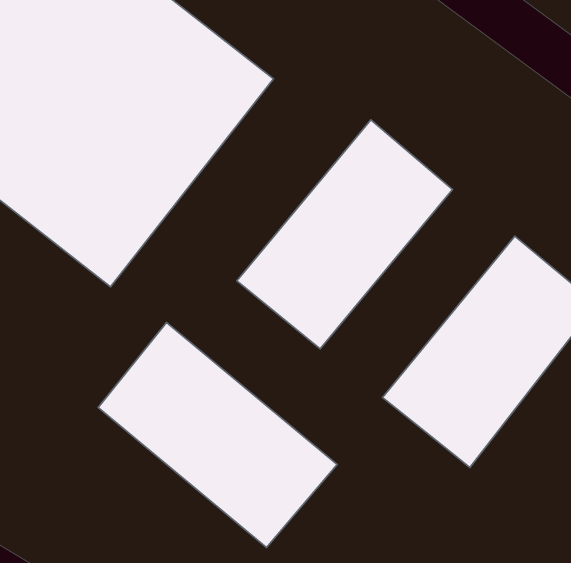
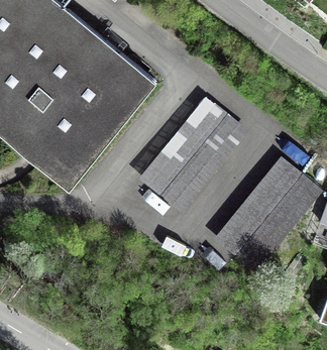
building: [98,323,337,548] -> none

